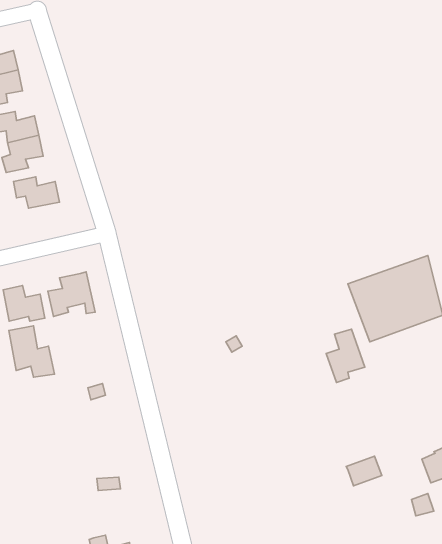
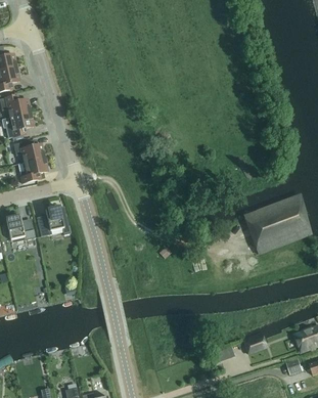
building: none -> [19,158,48,183]
building: [9,326,55,377] -> none
building: [326,329,365,382] -> none

